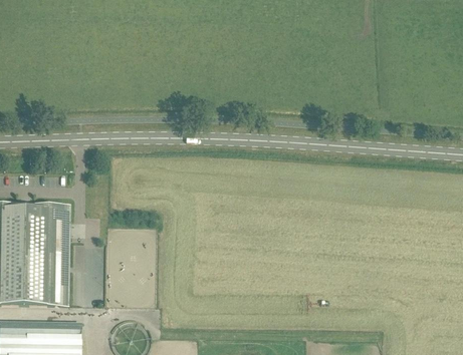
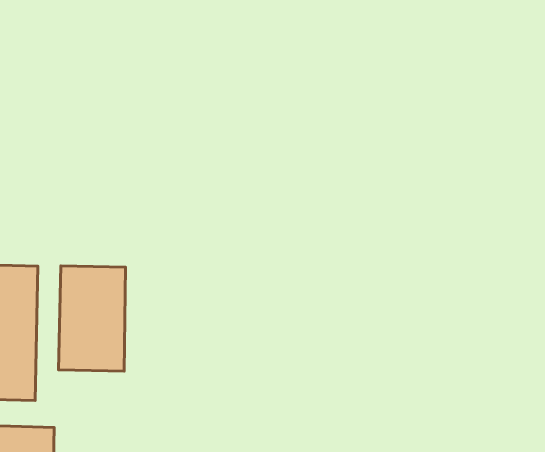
building: none -> [58,266,125,371]

